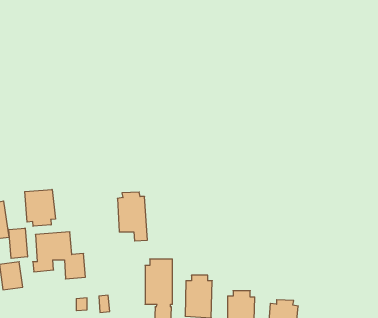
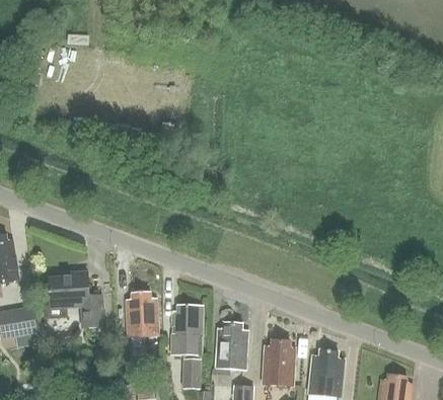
building: [25,189,55,226] -> none
building: [117,192,147,241] -> [126,293,159,347]
building: [9,228,27,258] -> none

